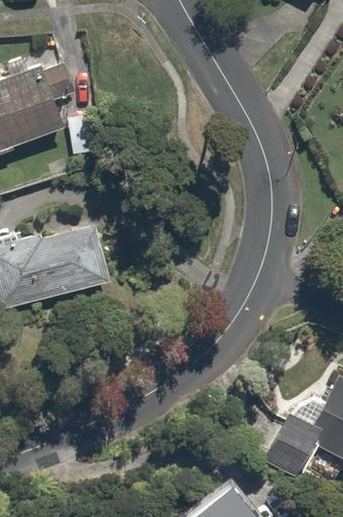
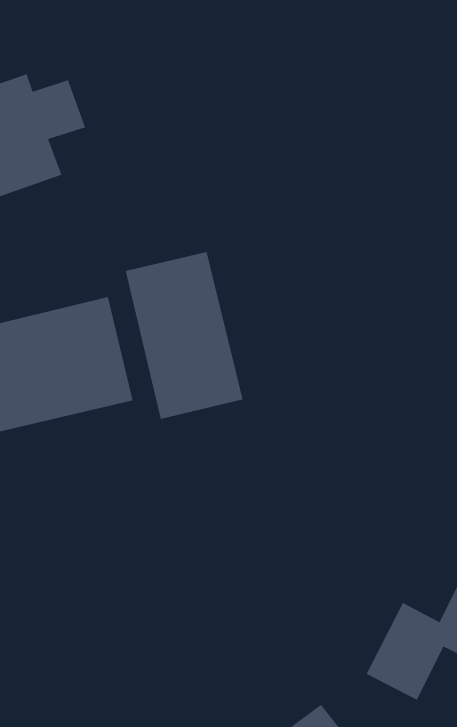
building: none -> [125,251,244,420]

